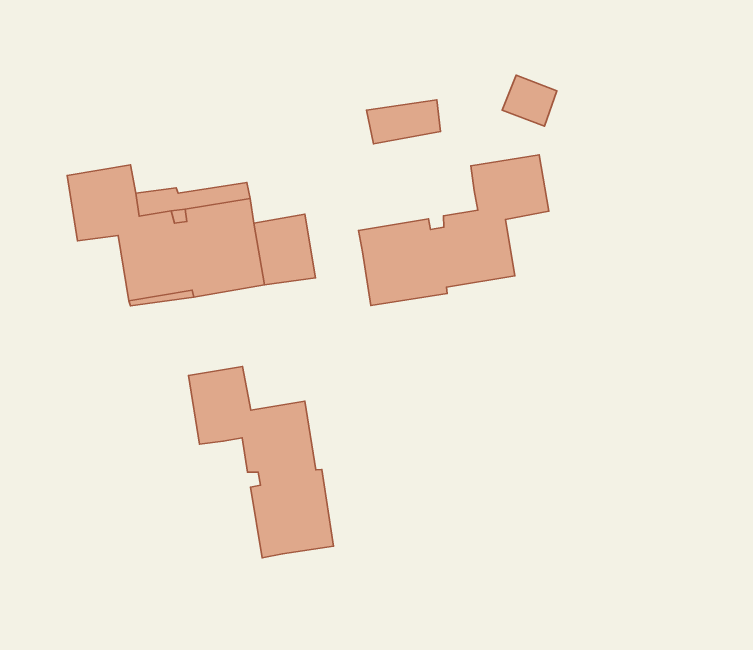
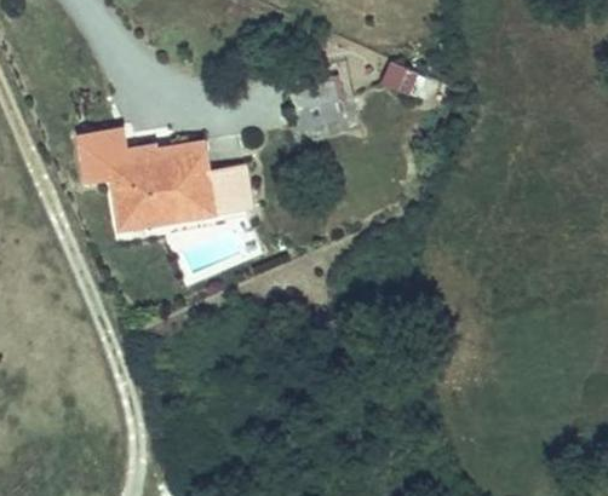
building: [358,155,549,305] -> none
building: [189,367,334,558] -> none

